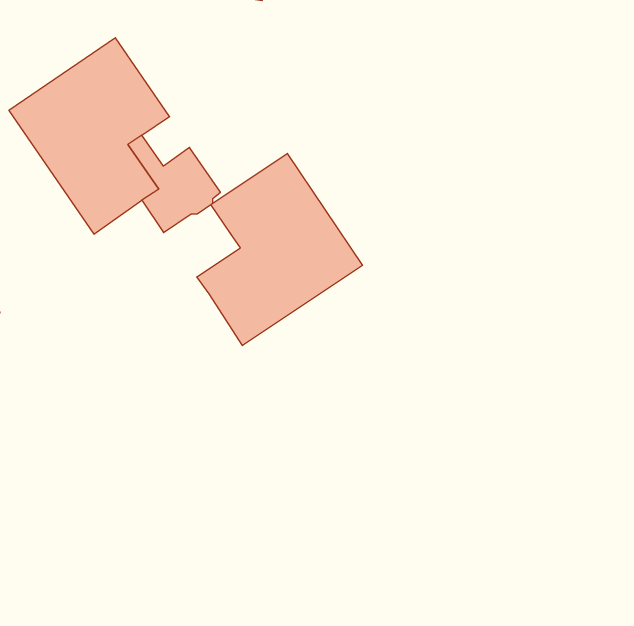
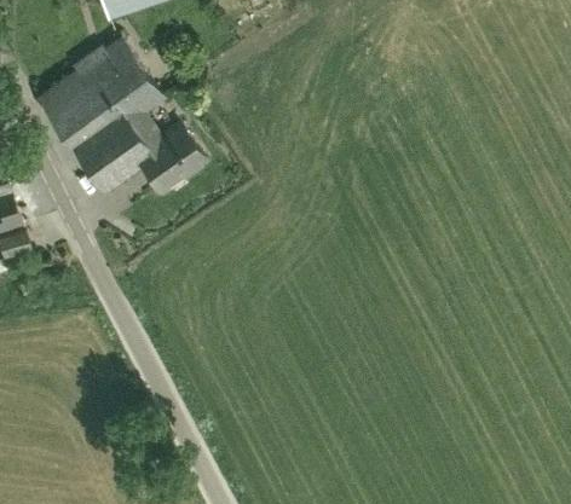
building: [197,153,362,346] -> none

